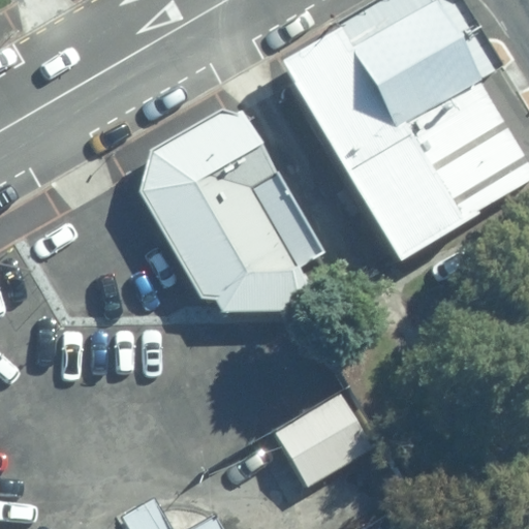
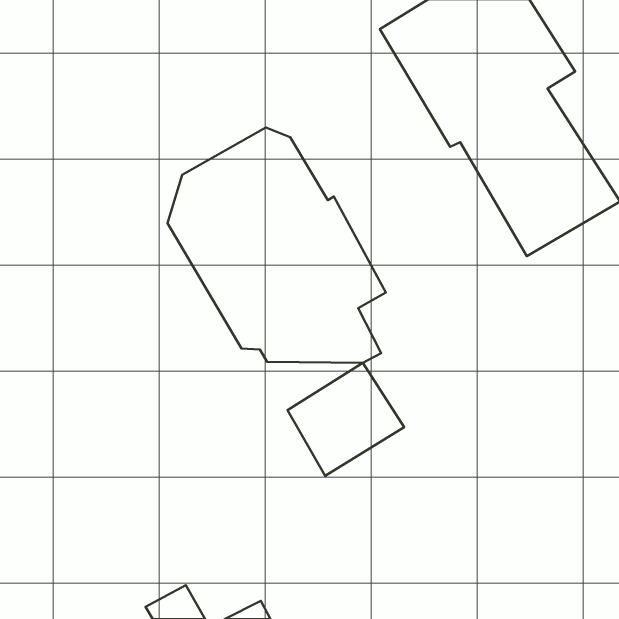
building: [268,25,452,281] -> none
building: [276,394,375,490] -> [288,363,404,476]

